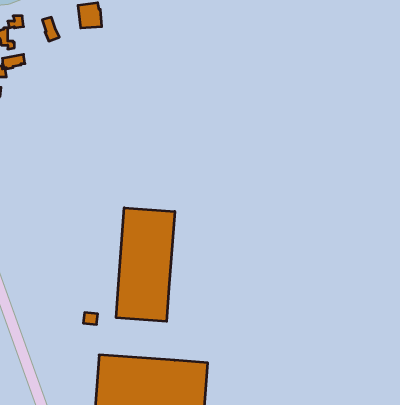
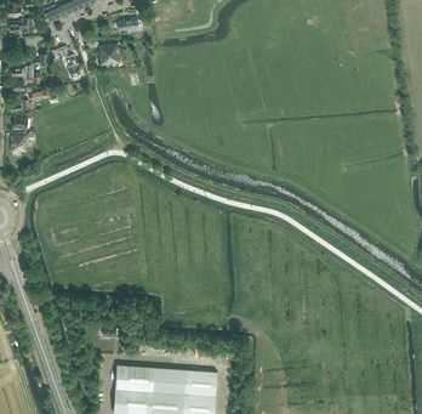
building: [116,208,175,321] -> none

